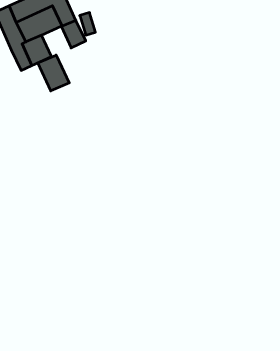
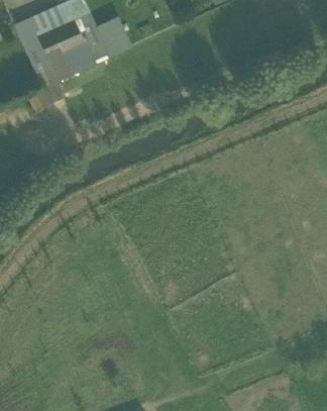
building: [38,55,69,91] -> none

